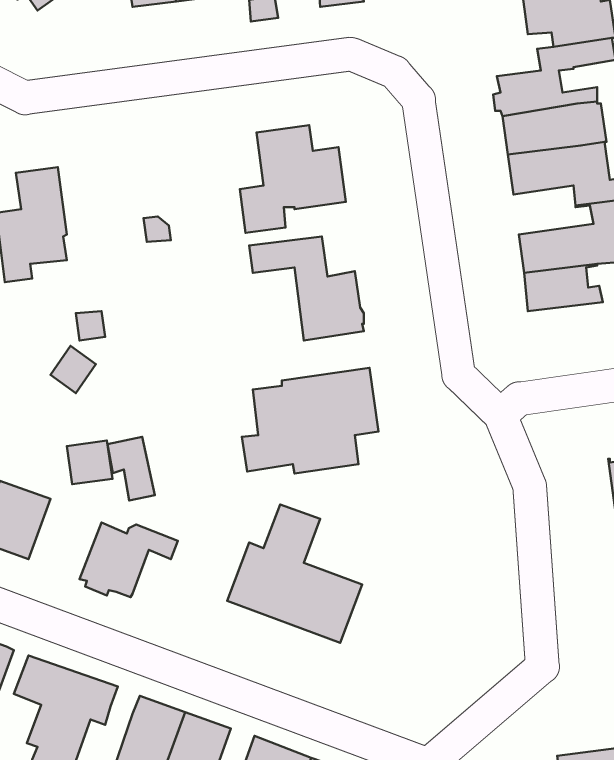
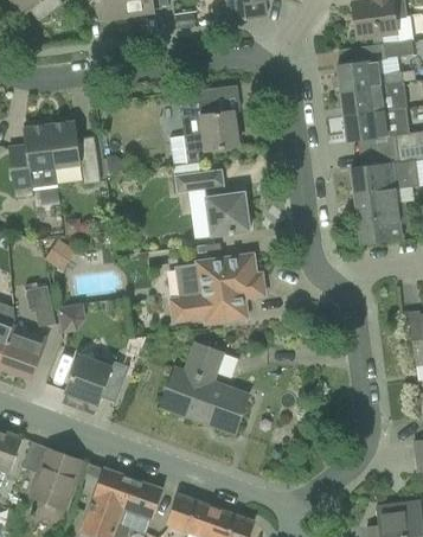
building: none -> [51,120,102,184]
building: none -> [357,211,406,244]
building: [107,437,155,501] -> [25,285,56,326]

